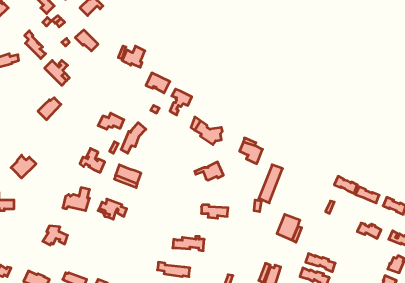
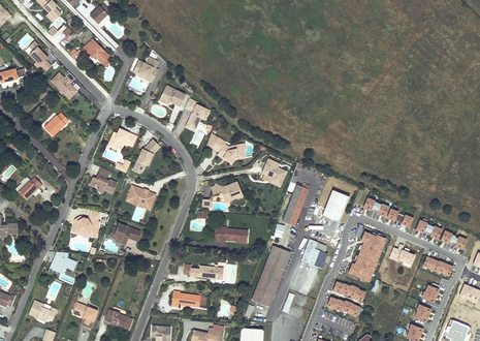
building: none -> [321,189,348,221]
building: none -> [348,231,385,281]
building: none -> [252,245,291,307]

